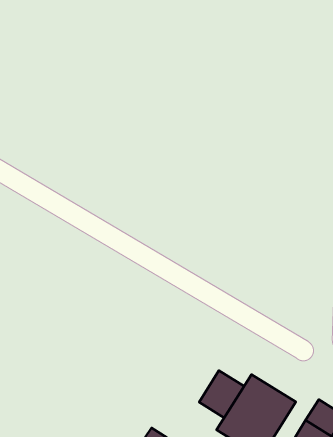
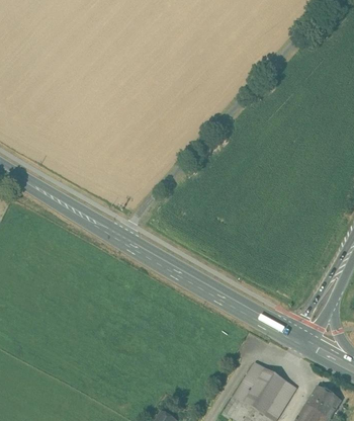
building: [199,371,244,418] -> none

